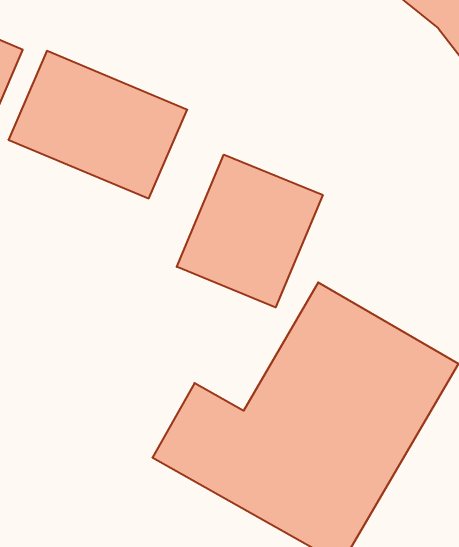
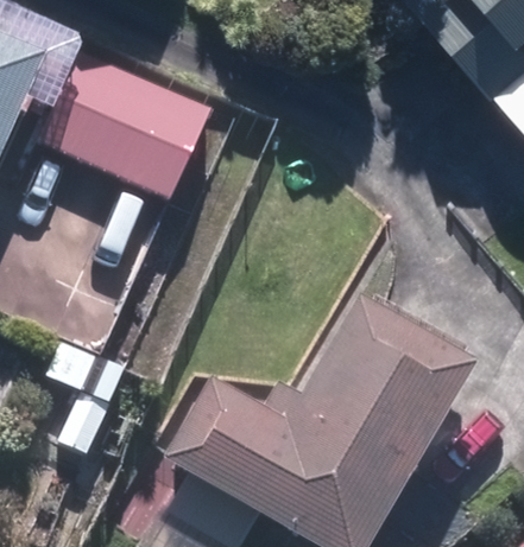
building: [177,155,323,307] -> none

